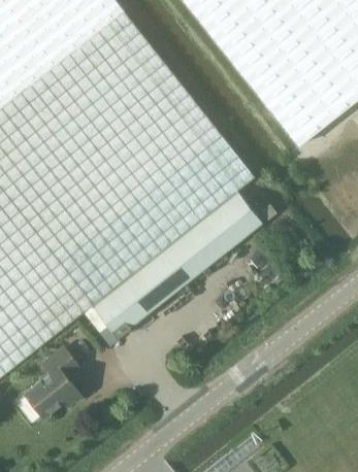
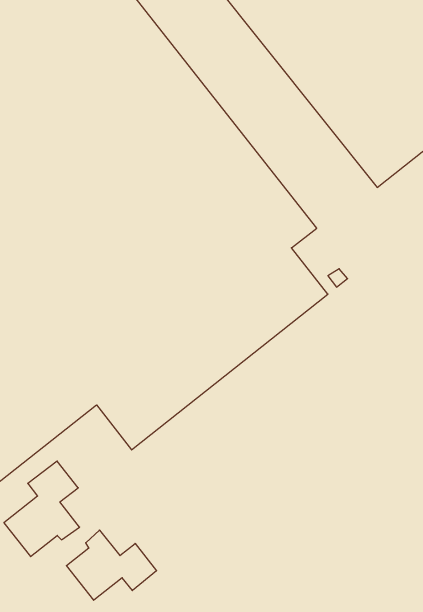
building: none -> [66,530,157,600]

